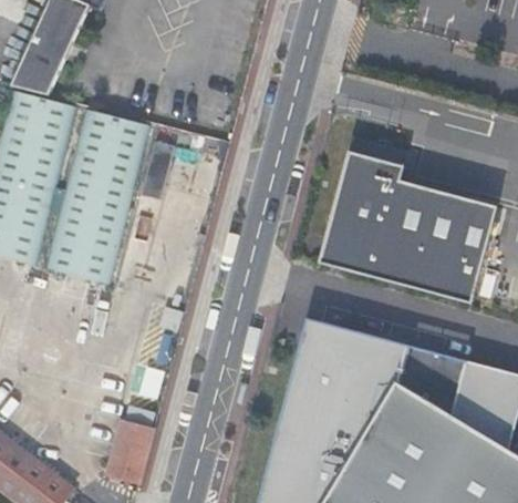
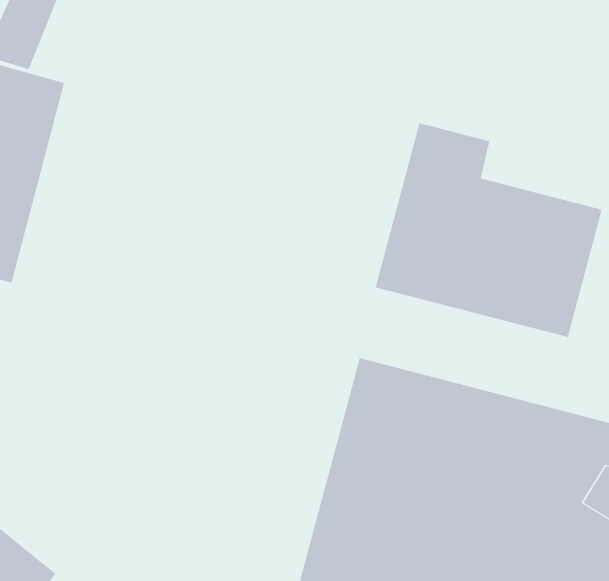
building: [48,110,153,284] -> none
building: [107,421,156,485] -> none

